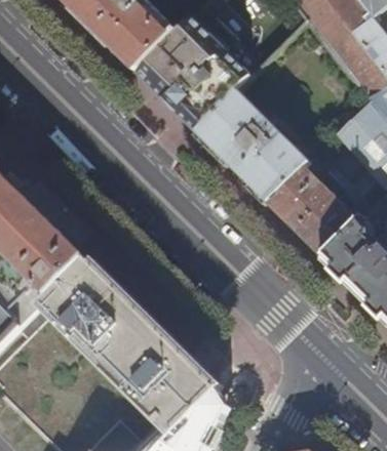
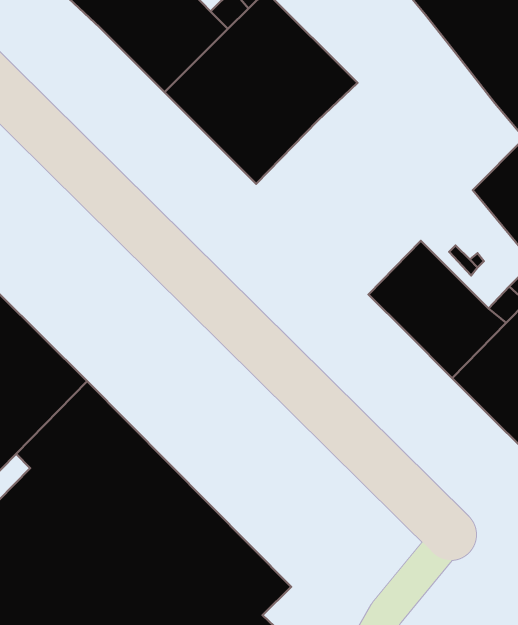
building: [196,88,309,201] -> none

